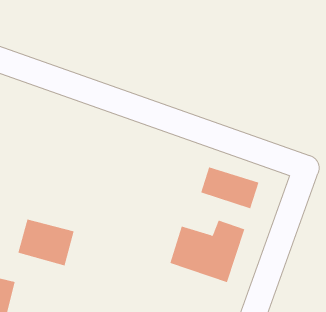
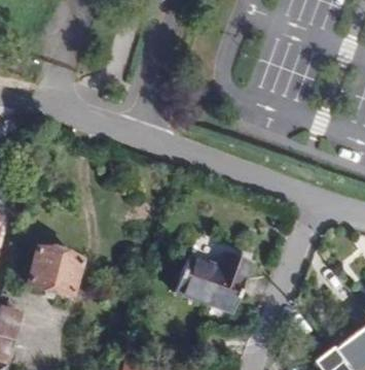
building: [200,166,259,209] -> none

